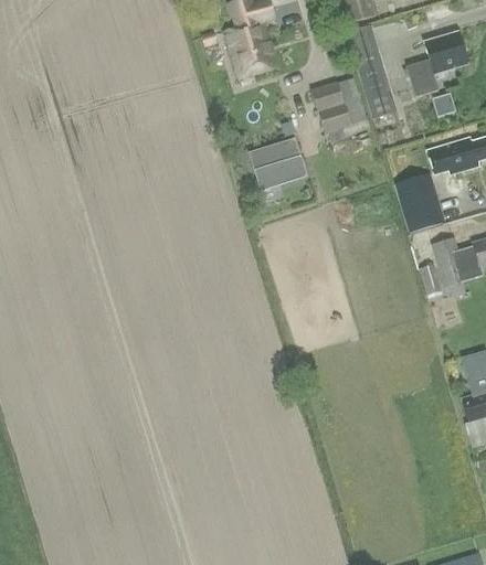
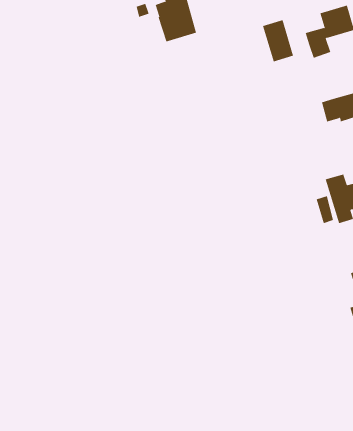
building: [311,81,352,134] -> none
building: [250,137,308,190] -> none
building: [395,172,445,232] -> none

